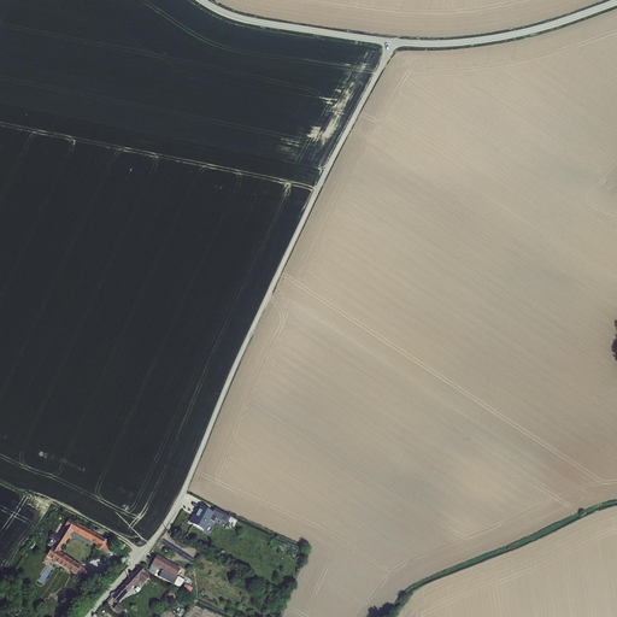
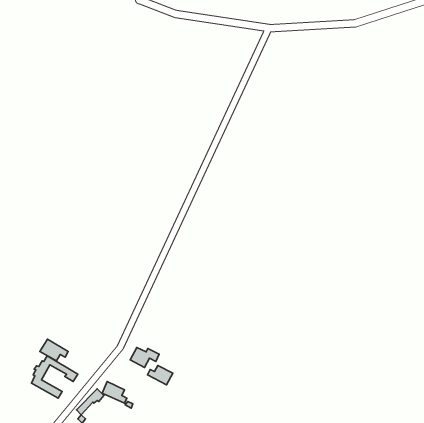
building: none -> [40,339,68,361]
building: none -> [147,366,173,385]

